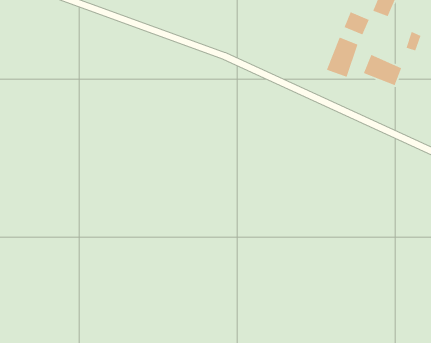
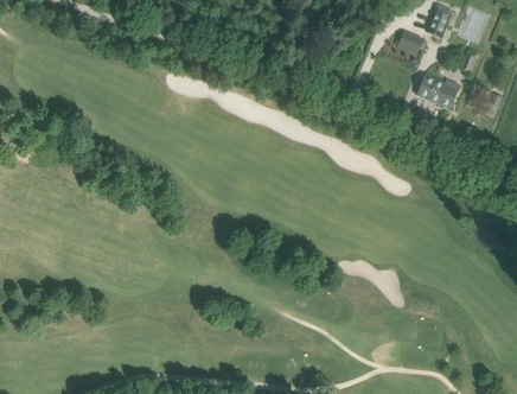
building: [326,36,359,78] -> none

